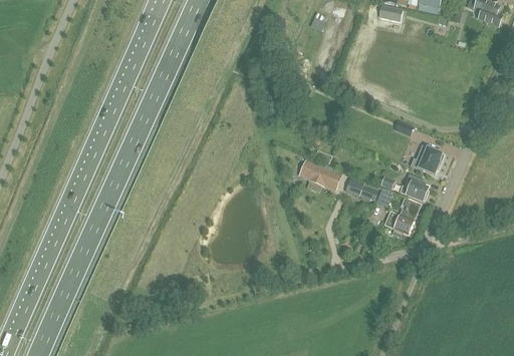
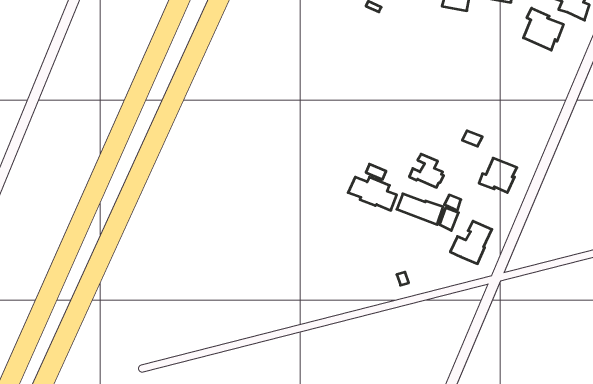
building: none -> [523,8,563,50]
building: [400,172,429,201] -> [409,154,444,187]

